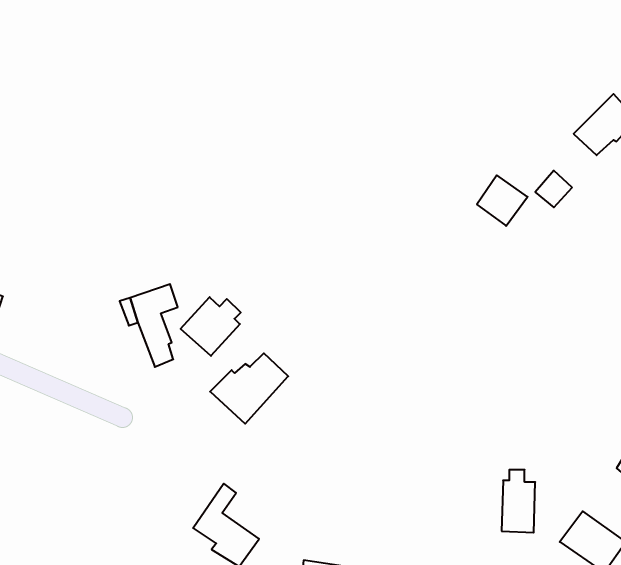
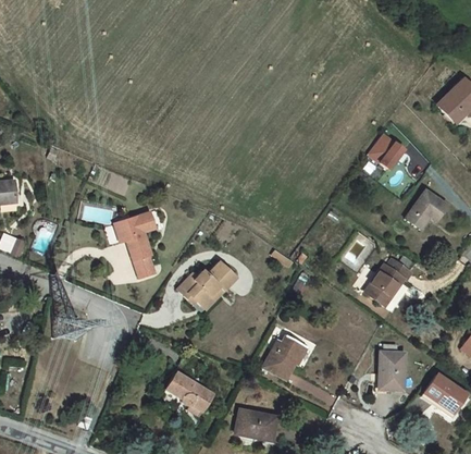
building: none -> [405,192,447,230]
building: [181,297,241,356] -> none
building: none -> [370,261,417,307]
building: none -> [265,335,310,377]

